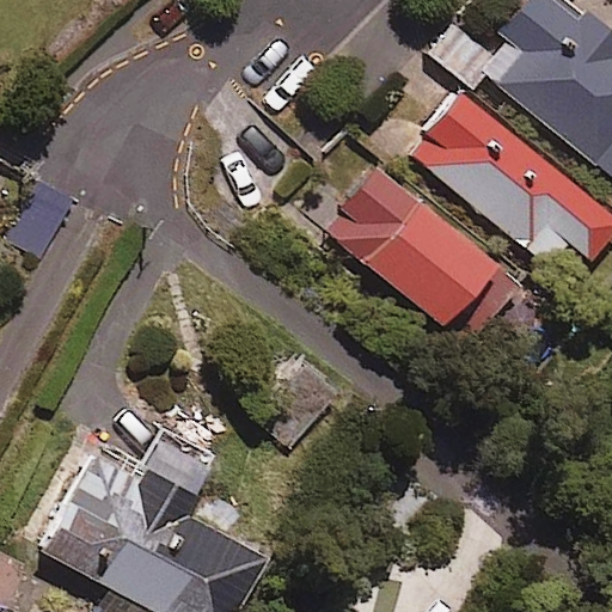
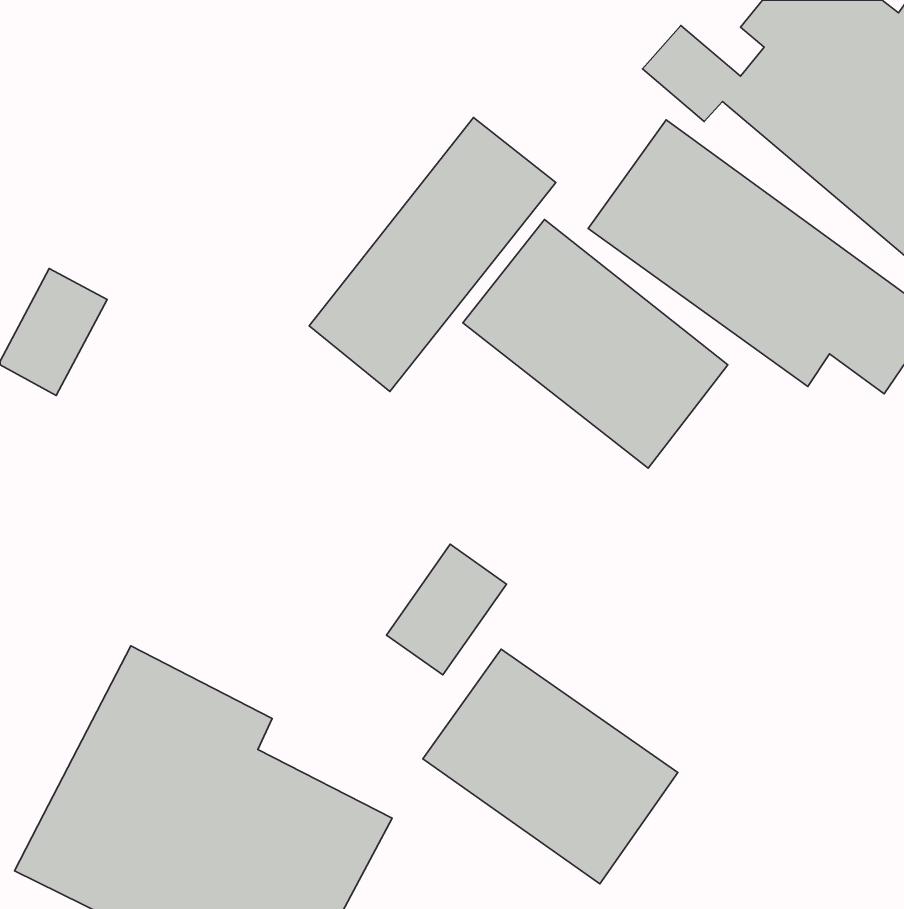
building: none -> [309,117,556,392]
building: none -> [423,649,678,884]

